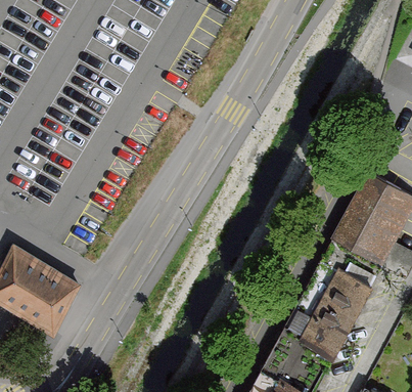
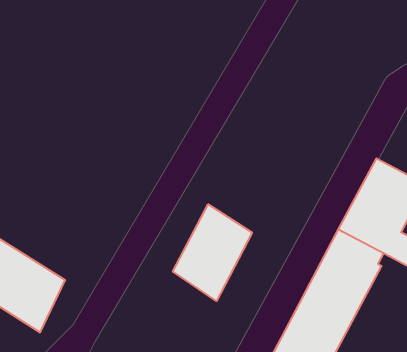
building: none -> [173,204,252,301]

